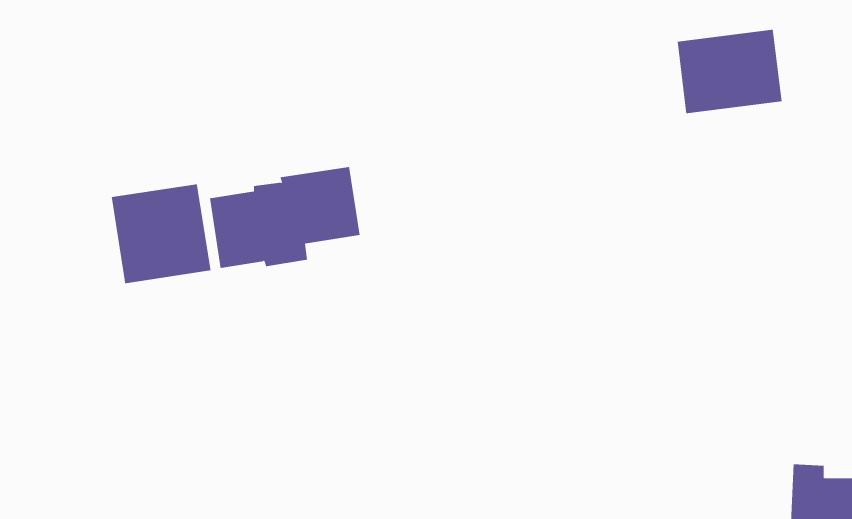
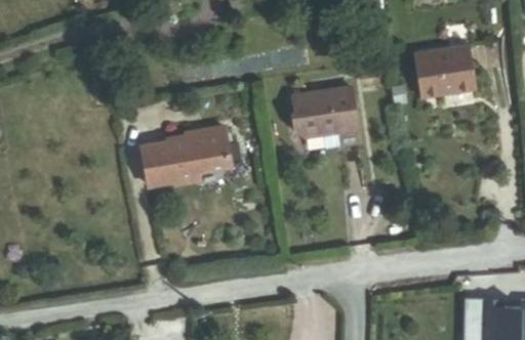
building: none -> [292,86,360,145]
building: [111,183,211,284] -> none

